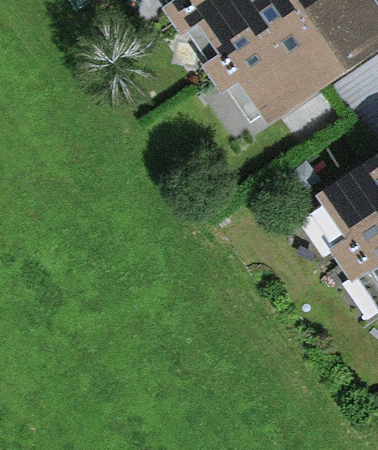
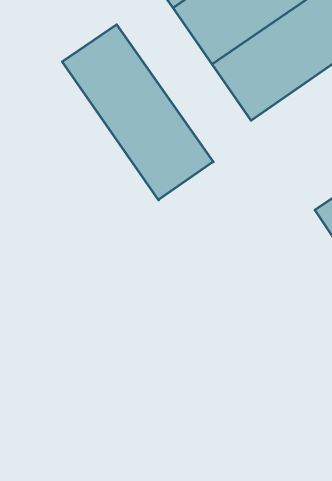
building: none -> [62,25,213,200]

